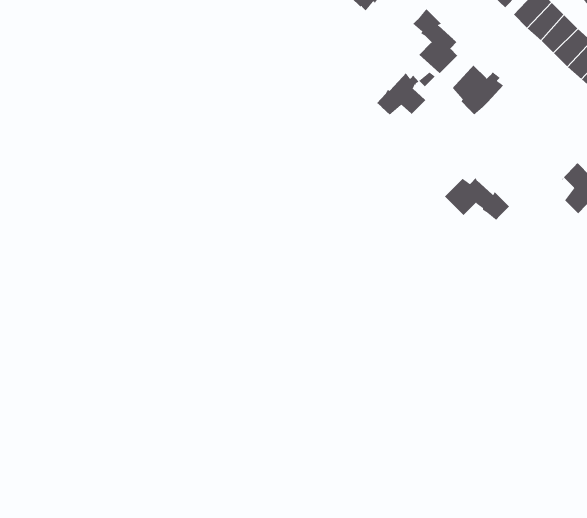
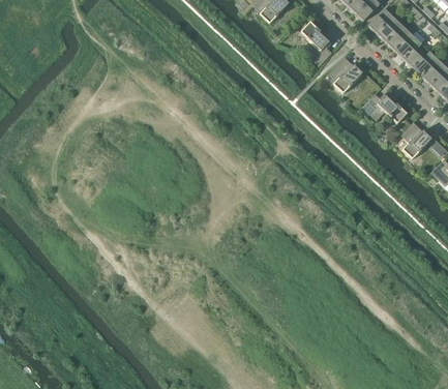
building: [376,72,427,117] -> none
building: [443,177,510,220] -> [362,93,407,122]

